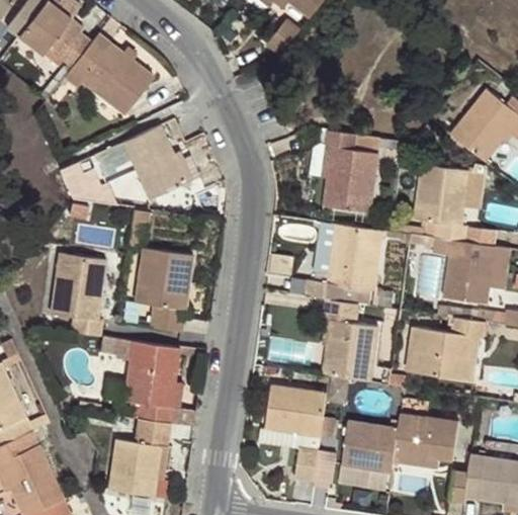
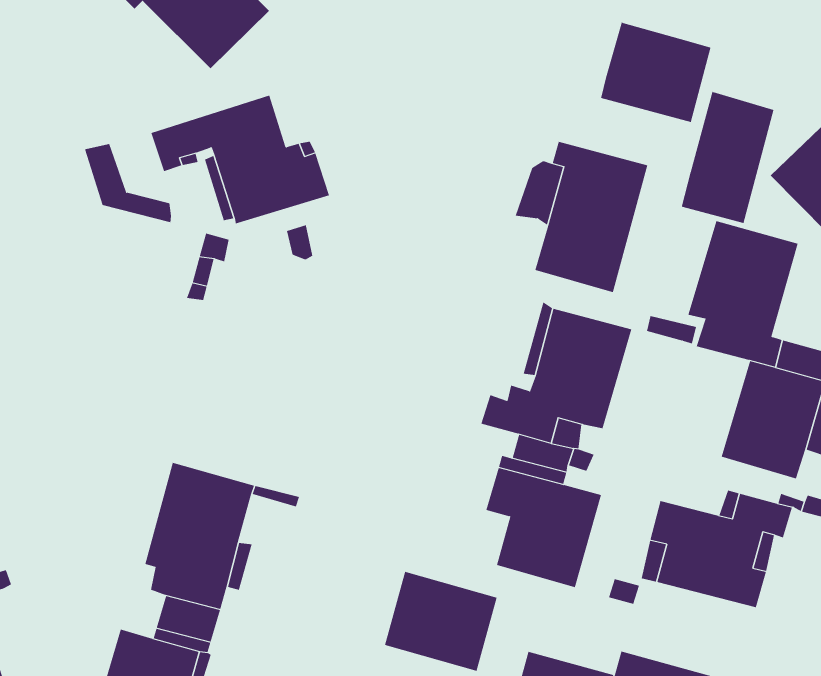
building: none -> [601,22,711,123]
building: none -> [681,91,774,224]
building: [136,247,194,332] -> none
building: [51,252,121,337] -> none

